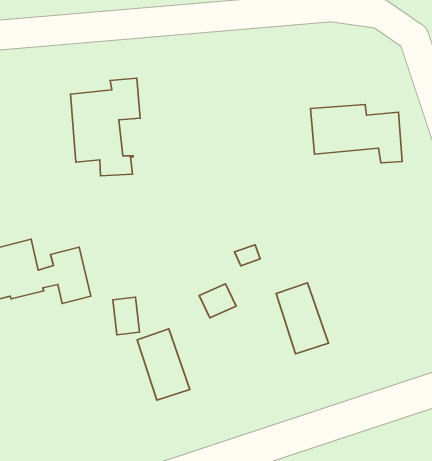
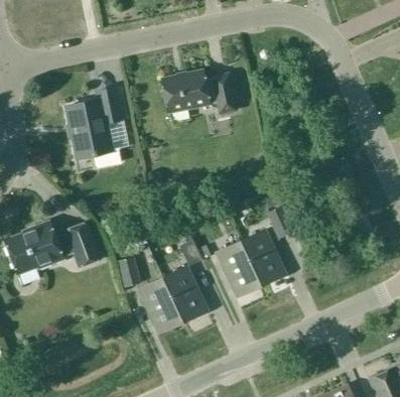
building: [311,104,402,163] -> [161,71,236,114]
building: none -> [217,241,261,296]
building: none -> [162,266,207,321]

